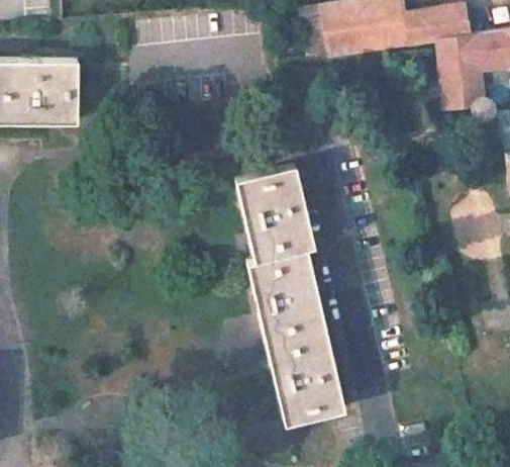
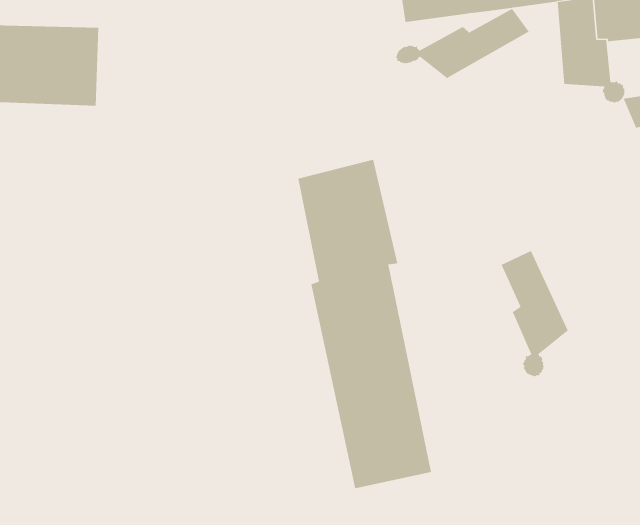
building: none -> [396,8,529,79]
building: none -> [501,250,569,377]

